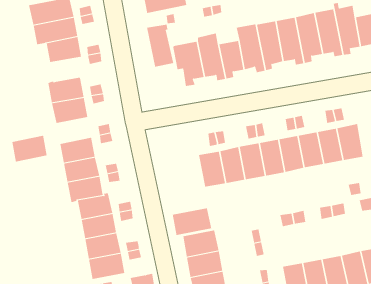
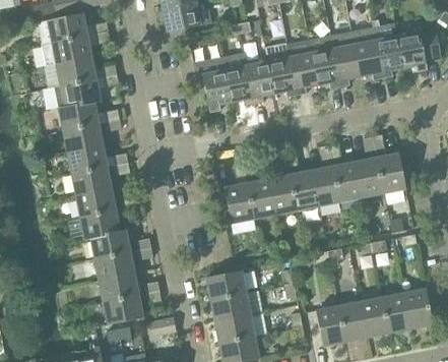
building: [147,24,174,68] -> none
building: none -> [60,79,100,107]
building: [11,135,47,162] -> [67,145,107,175]
building: [172,208,212,236] -> none

